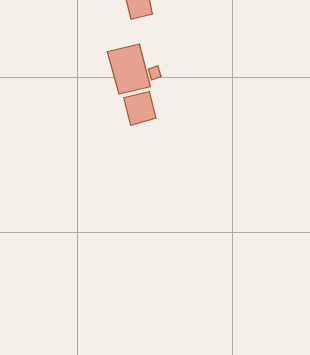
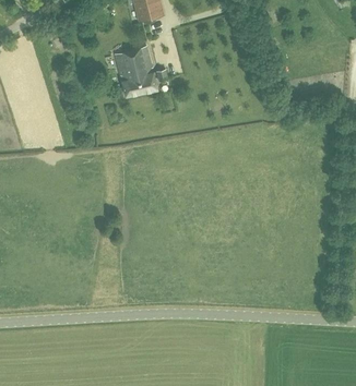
building: [124,91,156,125] -> none

